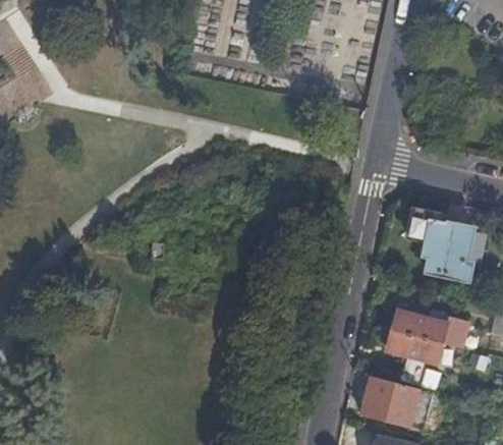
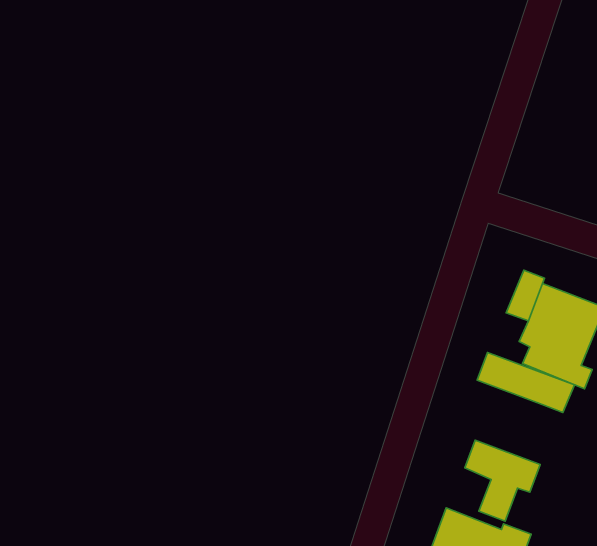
building: [394,309,463,345] -> [477,352,575,412]

